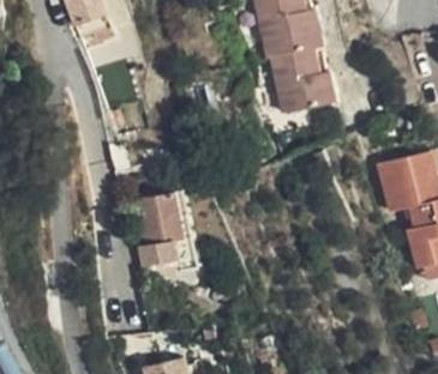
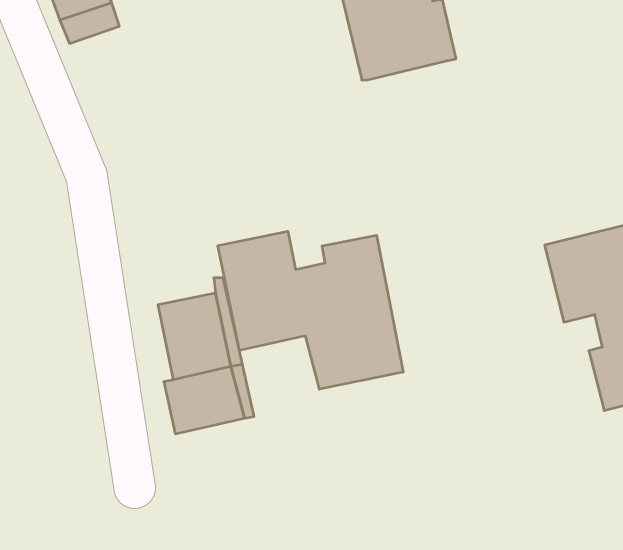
building: [268,50,336,117] -> none
building: none -> [218,231,403,389]

